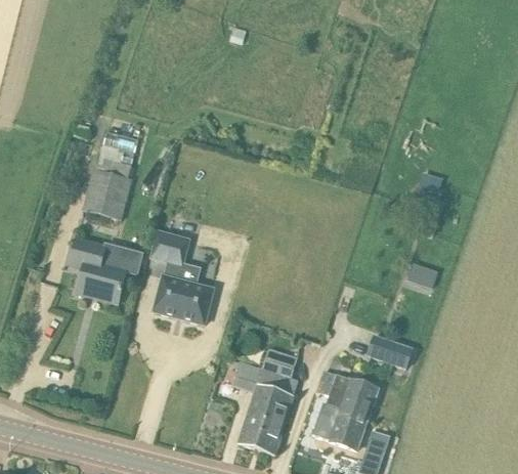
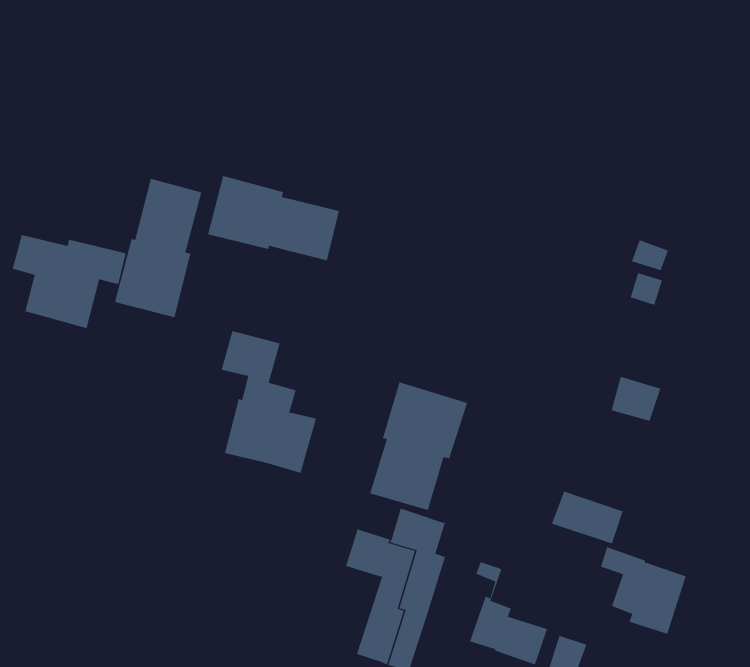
building: none -> [207,175,339,261]
building: [68,240,142,301] -> [12,234,127,329]
building: none -> [369,381,468,511]
building: [319,369,376,426] -> [600,546,687,634]

